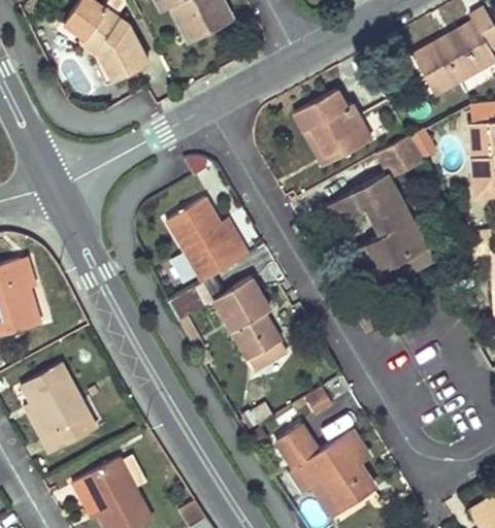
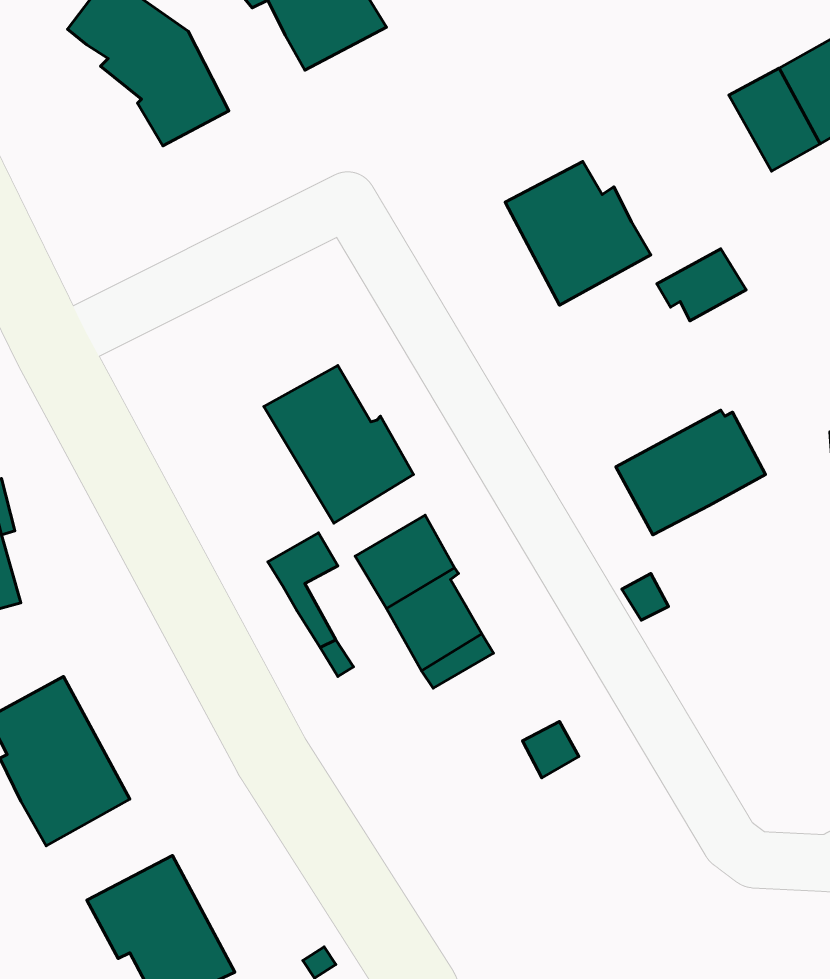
building: [325,174,409,252] -> none
building: [276,426,375,517] -> none

